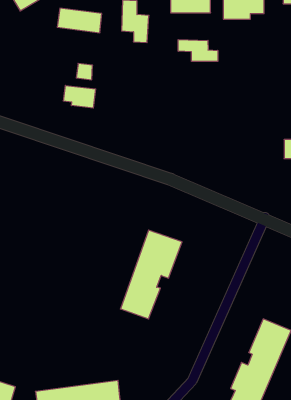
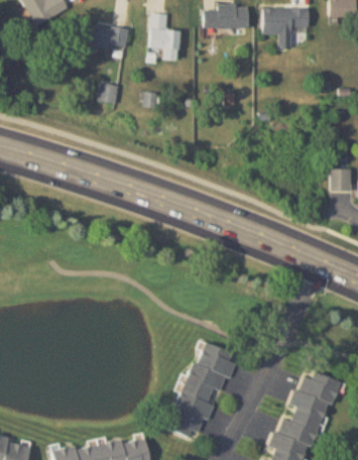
building: [178,40,218,61] -> none
building: [64,85,96,108] -> none
building: [120,230,182,319] -> [168,340,237,439]

